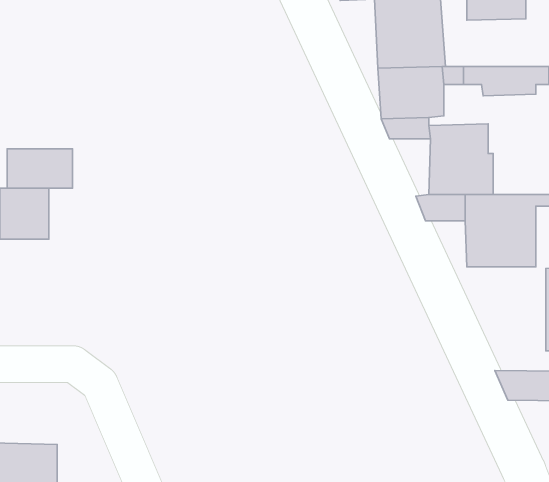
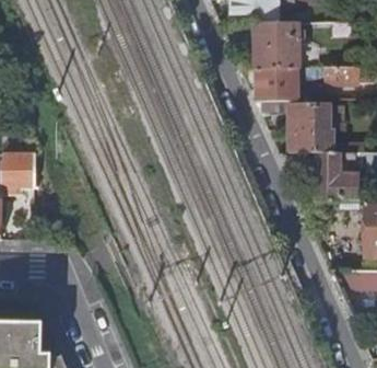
building: [7,149,72,188] -> none

